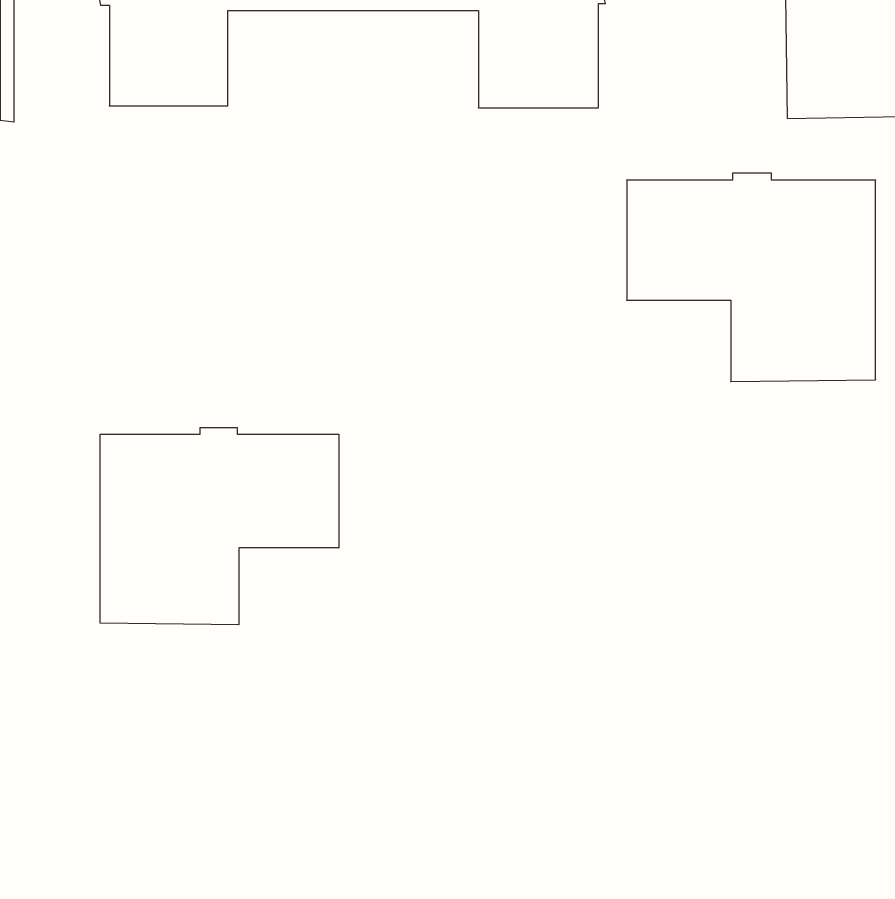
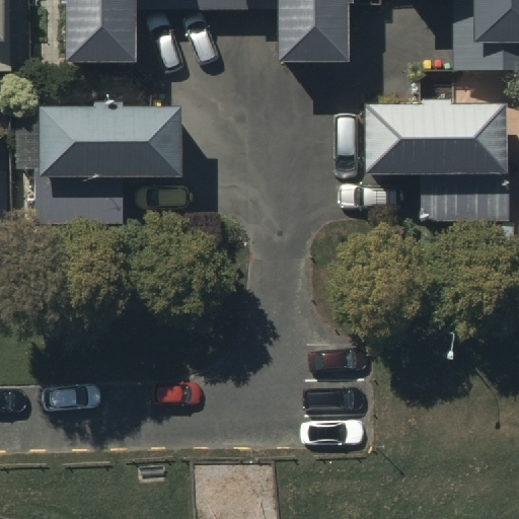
building: none -> [39,105,180,222]
building: [100,428,339,625] -> none

